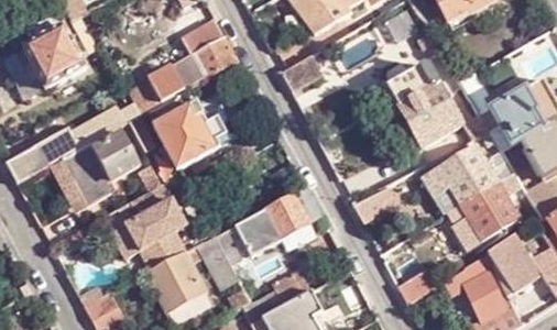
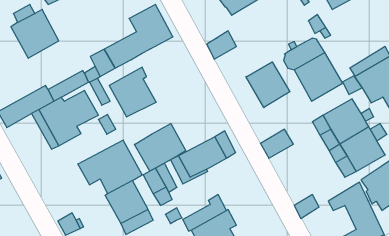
building: none -> [246,62,290,108]
building: none -> [134,124,186,171]

